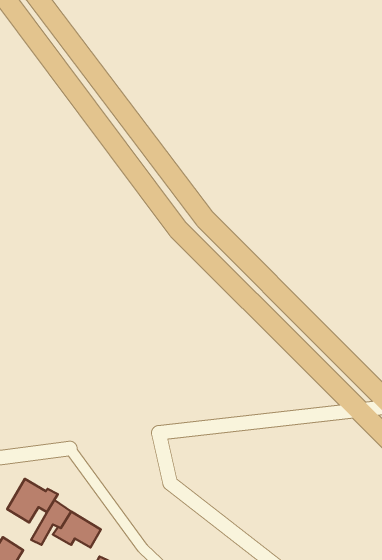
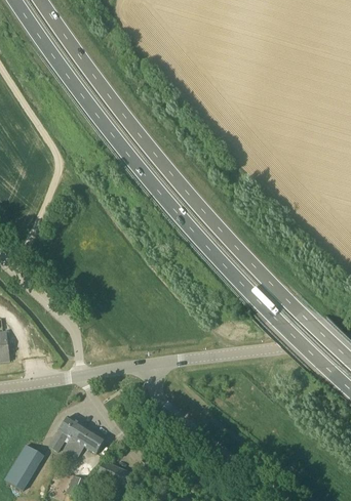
building: [7,479,58,523] -> none

